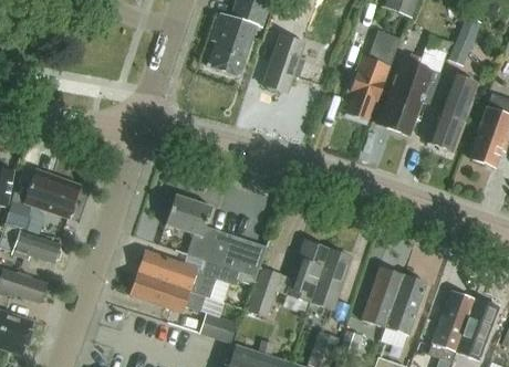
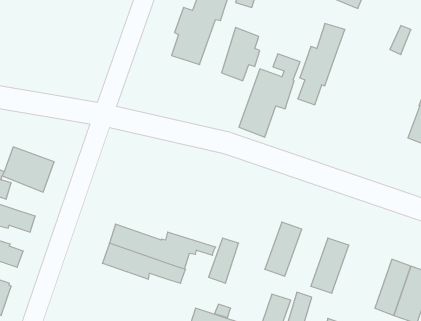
building: [380,43,447,135] -> [239,54,300,137]
building: [427,73,478,151] -> none
building: [165,196,268,277] -> none
building: [289,242,330,302] -> none
building: [385,275,427,336] -> none
building: [197,313,233,343] -> none

